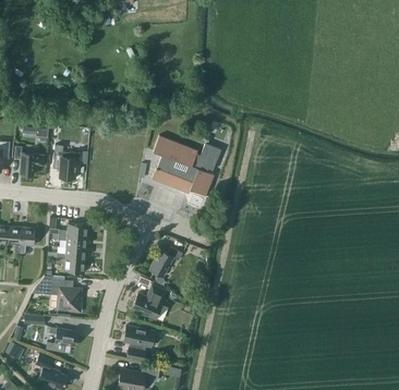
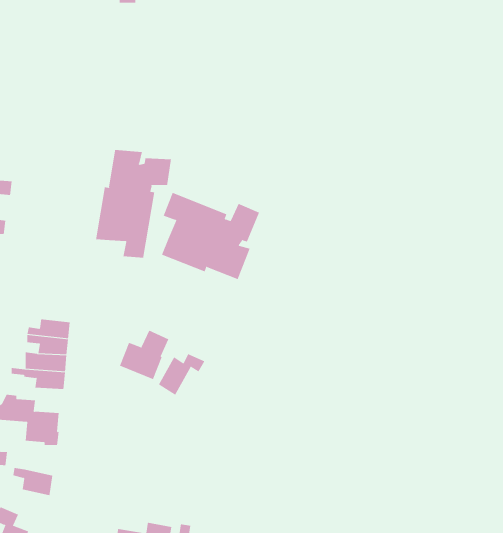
building: none -> [95,149,172,258]
building: [53,144,81,179] -> none
building: [131,284,166,319] -> [119,330,169,380]
building: [123,326,154,361] -> none

